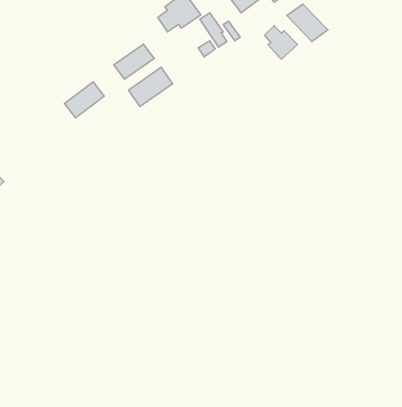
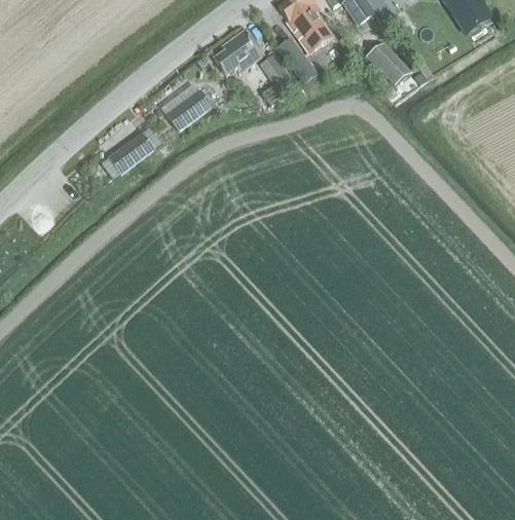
building: [264,26,297,59] -> none
building: [128,67,173,107] -> none

